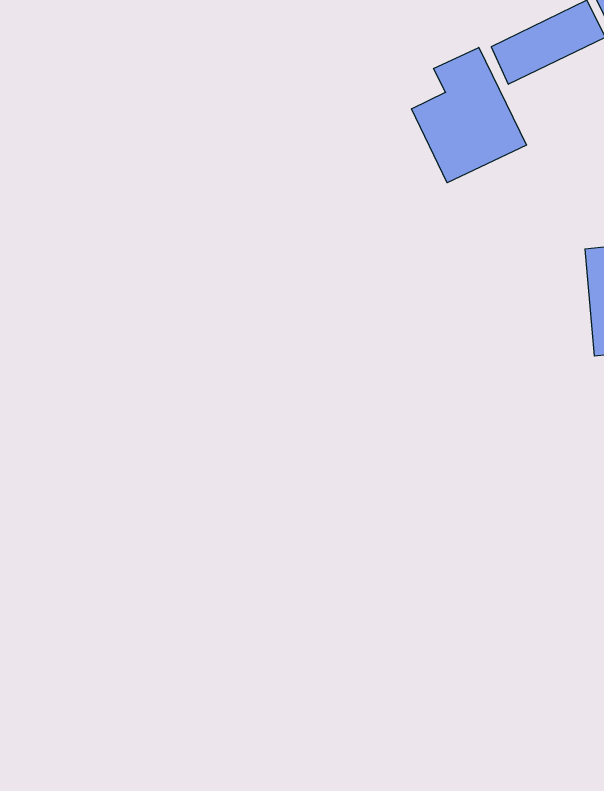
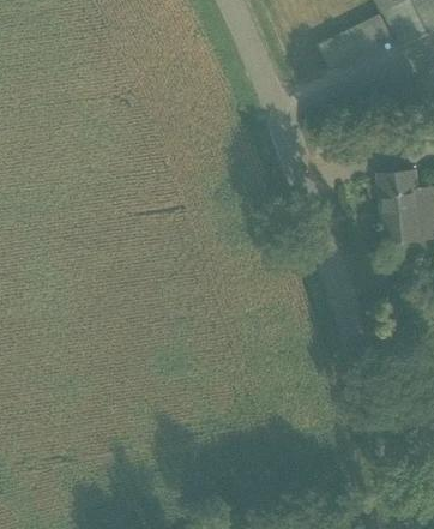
building: [412,47,526,183] -> none

